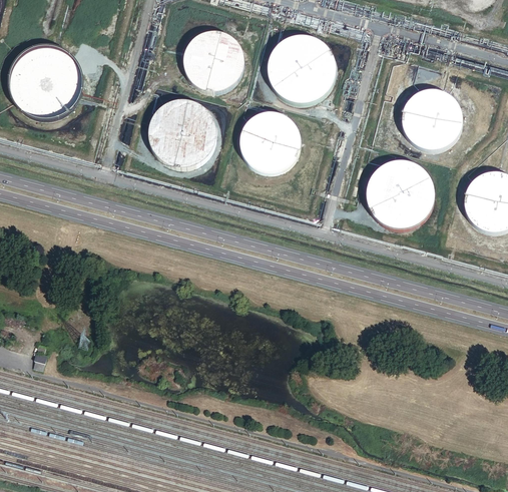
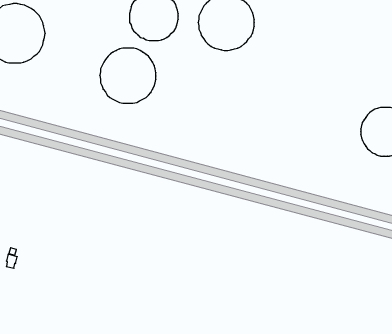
building: [402,88,462,148] -> none
building: [240,110,301,170] -> none
building: [366,159,434,226] -> none

